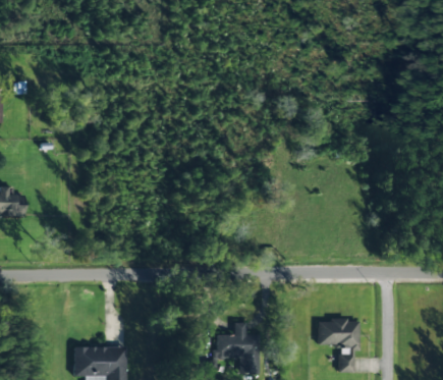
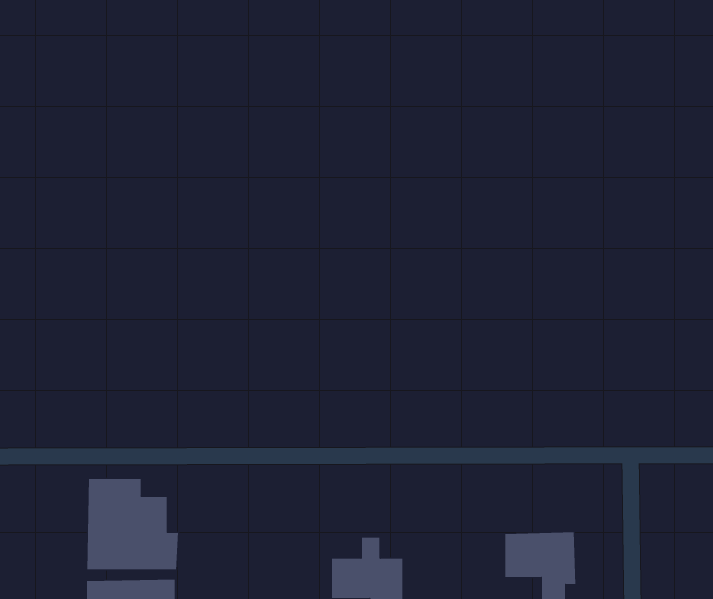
building: none -> [87,478,179,570]

